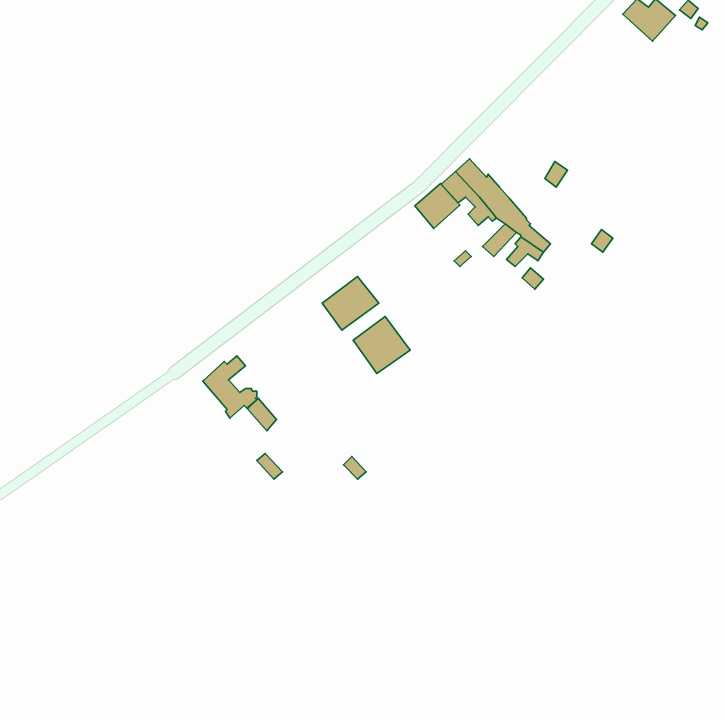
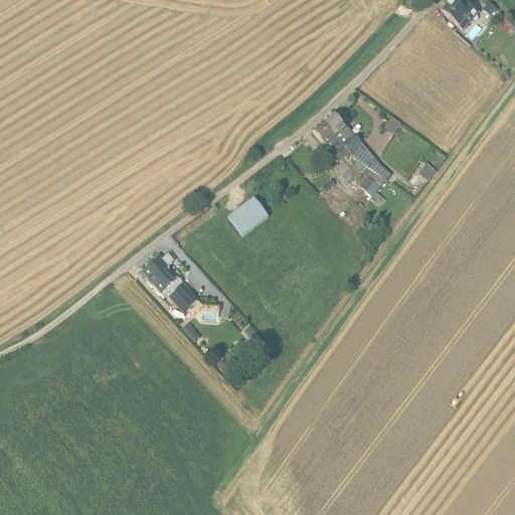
building: [415,183,460,228] -> none
building: [353,316,410,374] -> none

